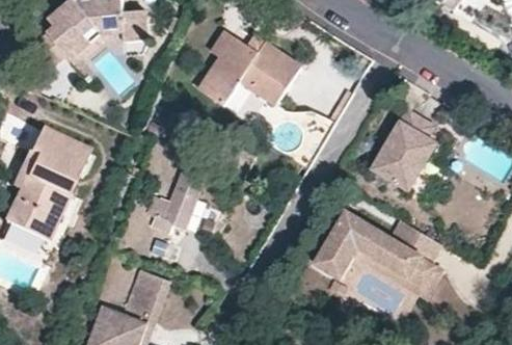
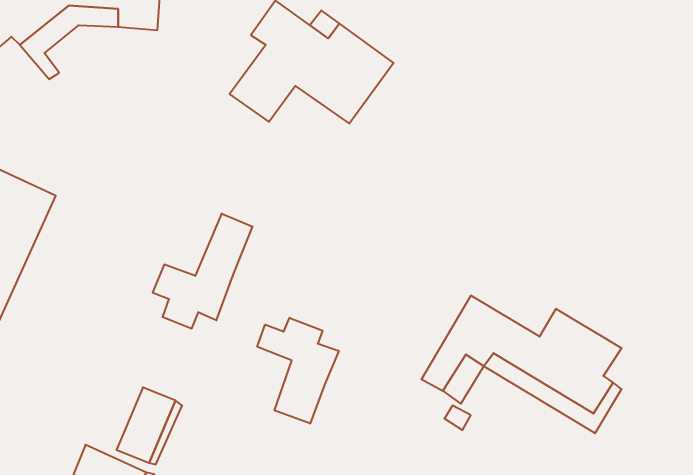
building: [371,106,439,191] -> none
building: none -> [257,318,339,424]

